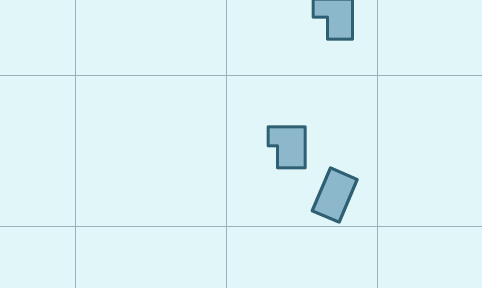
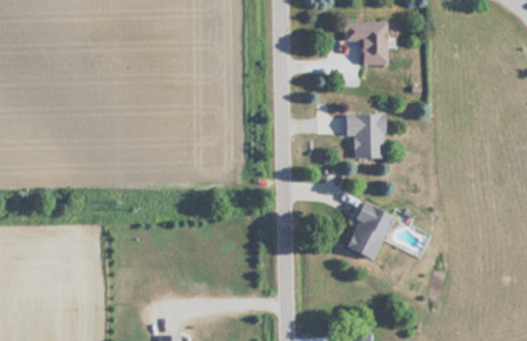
building: [268,127,305,168] -> [344,113,384,158]

